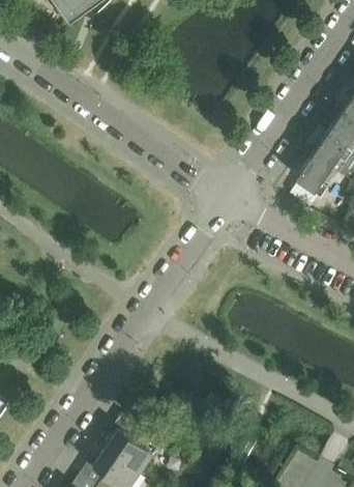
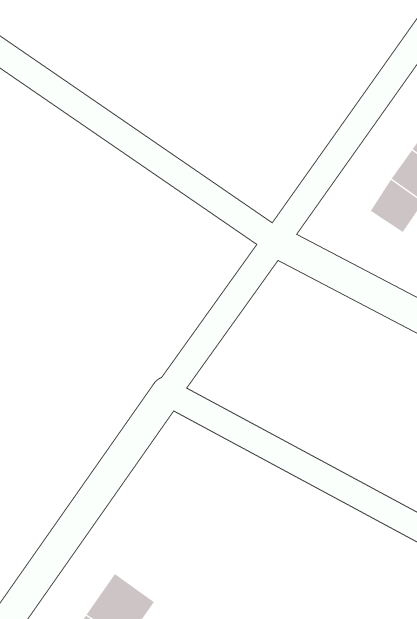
building: [105,430,149,471] -> none

